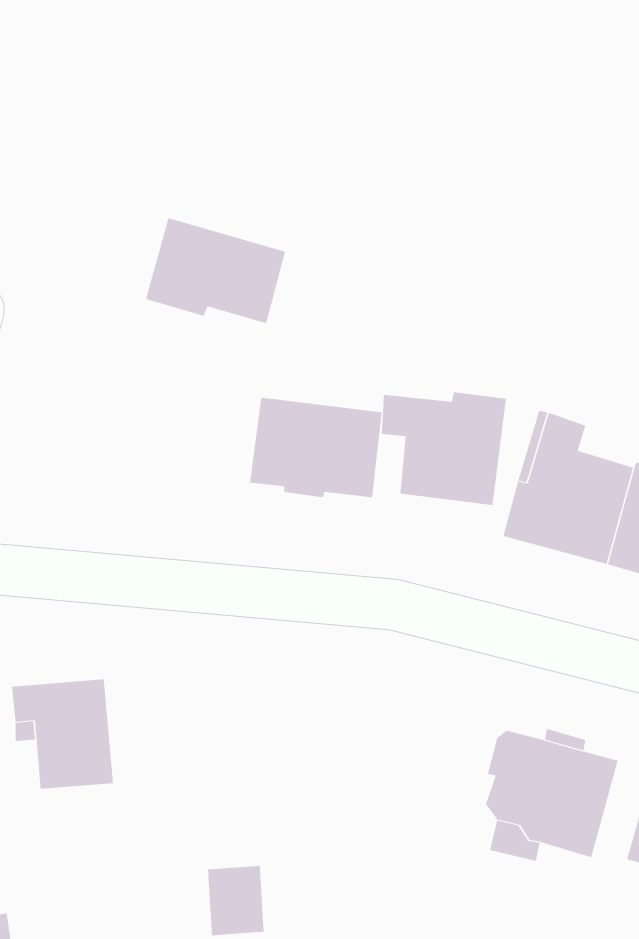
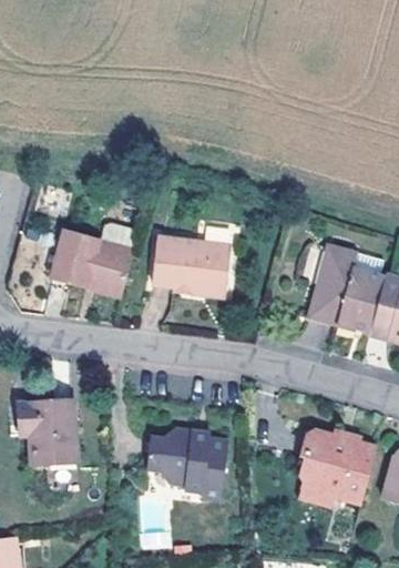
building: [145,217,286,324] -> [57,227,139,290]
building: [381,392,506,506] -> none
building: none -> [143,429,226,498]

